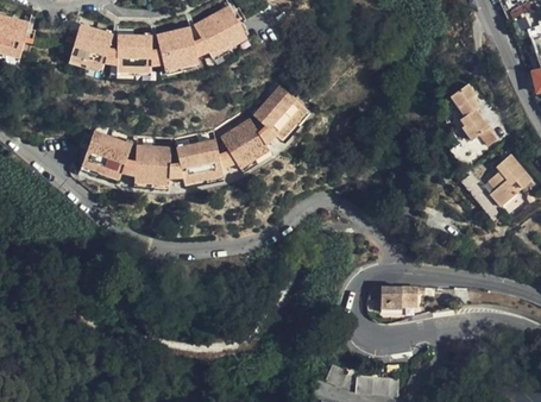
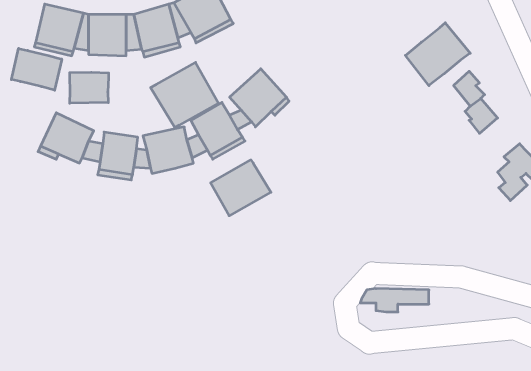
building: none -> [405,23,470,86]
building: none -> [11,48,62,90]
building: none -> [151,62,219,128]
building: none -> [70,72,109,103]
building: none -> [211,160,271,216]

